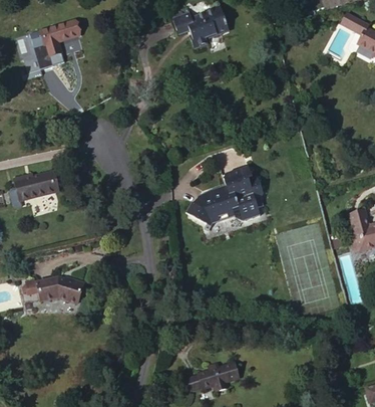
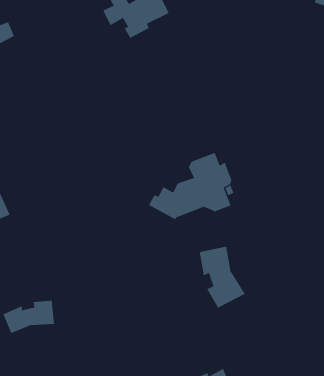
building: none -> [199,246,246,309]

